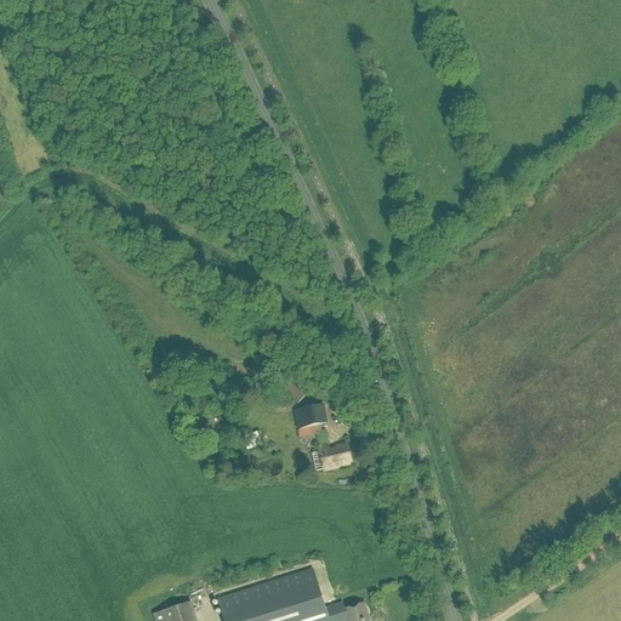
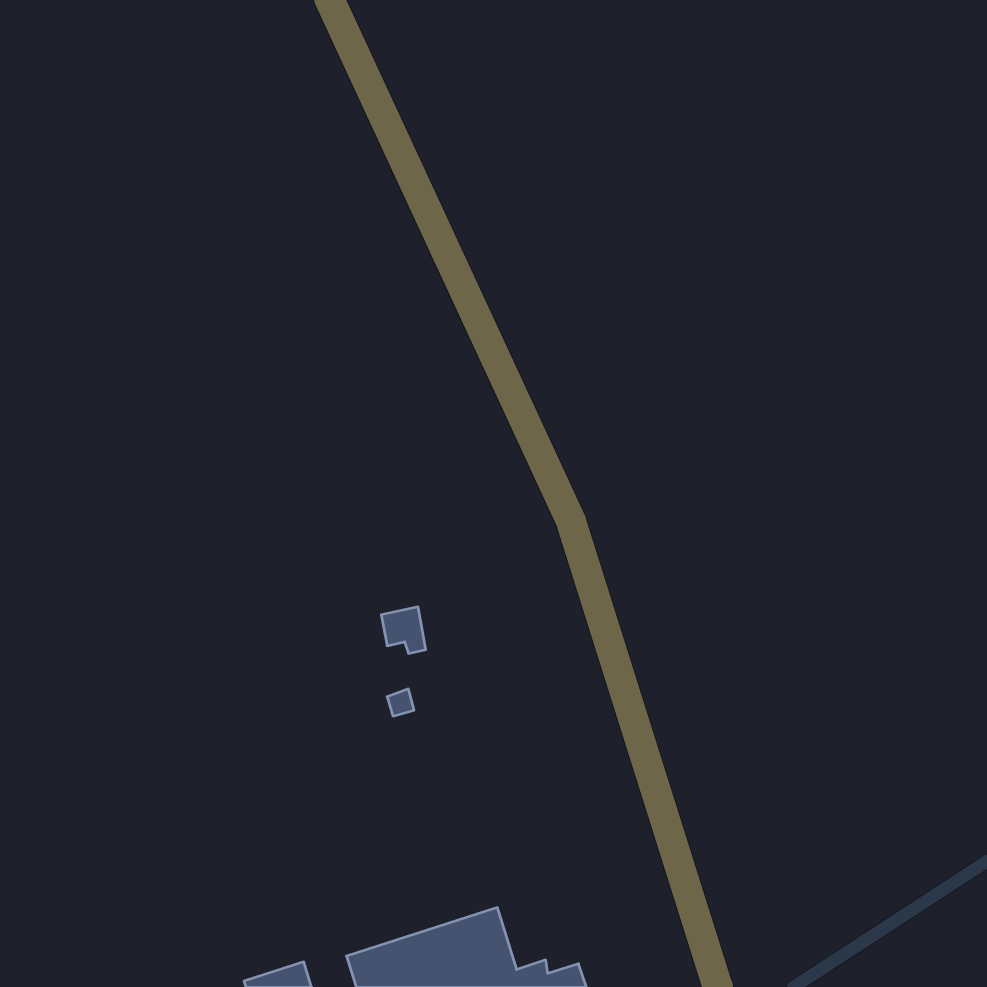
building: [292,406,320,435] -> [381,607,426,653]
building: [312,443,351,471] -> none

